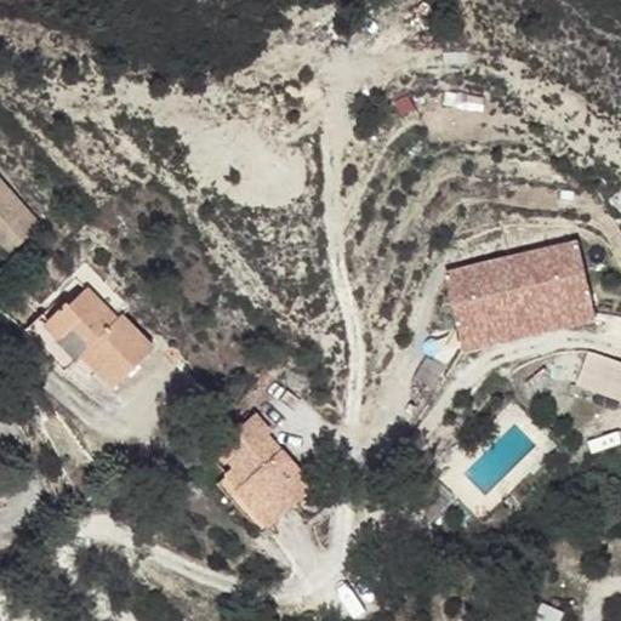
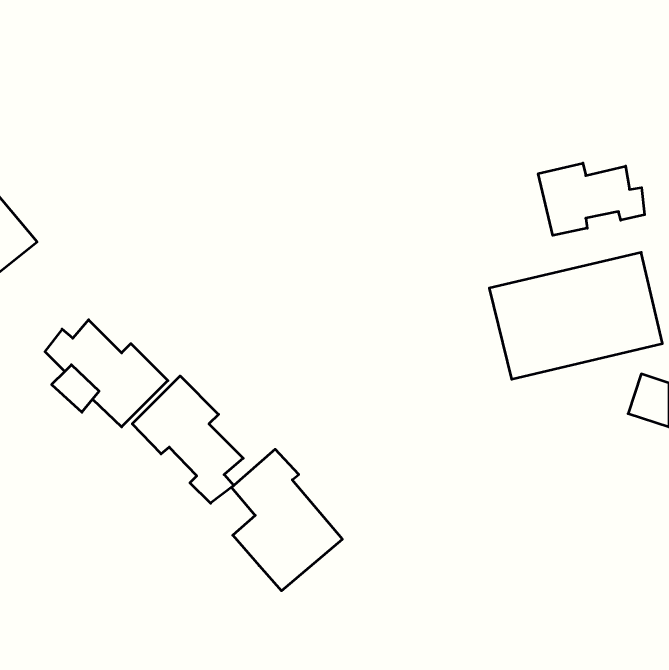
building: none -> [538,163,645,235]
building: none -> [132,376,243,503]

